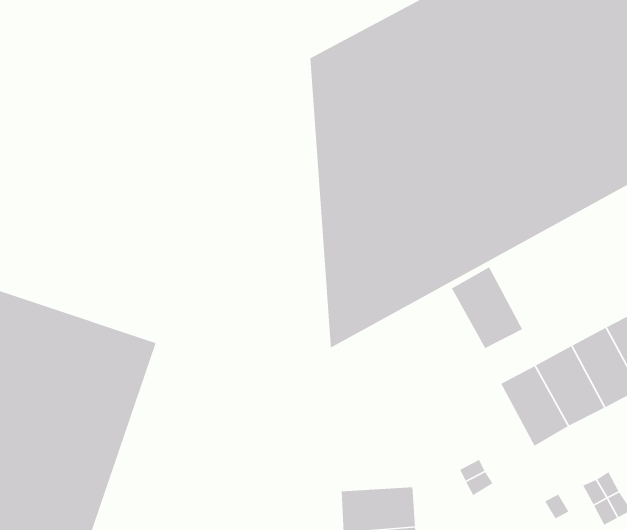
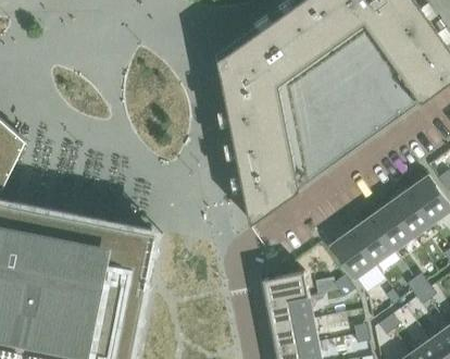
building: [451,266,523,349] -> [329,233,374,281]
building: none -> [262,274,308,306]

